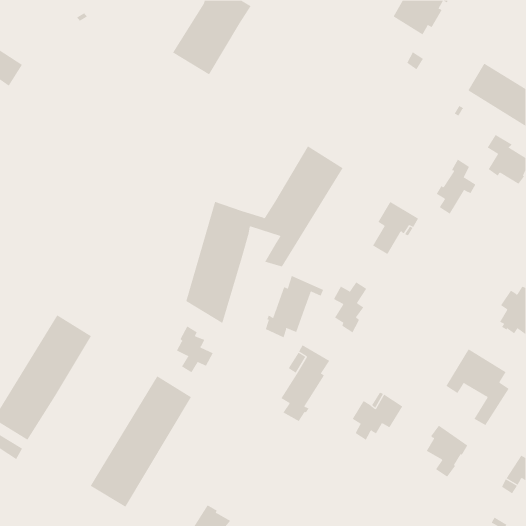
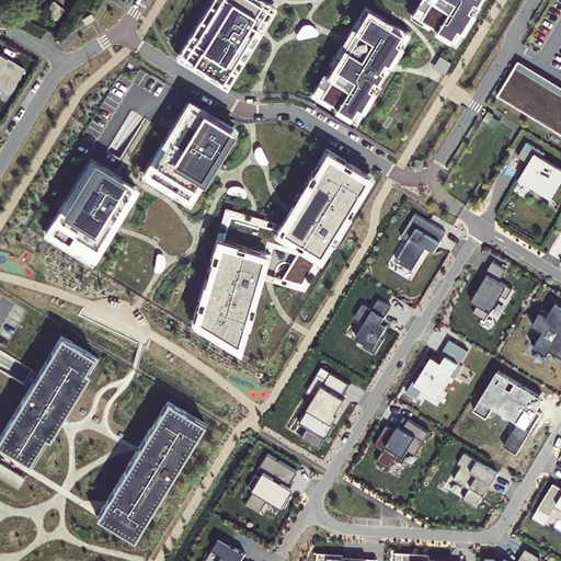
building: none -> [318,14,401,116]
building: none -> [148,105,229,198]
building: none -> [50,163,131,256]
building: [436,159,476,214] -> [469,262,512,321]
building: [265,275,324,338] -> none
building: none -> [405,340,468,399]
building: [176,326,214,373] -> none
building: none -> [244,455,297,514]

